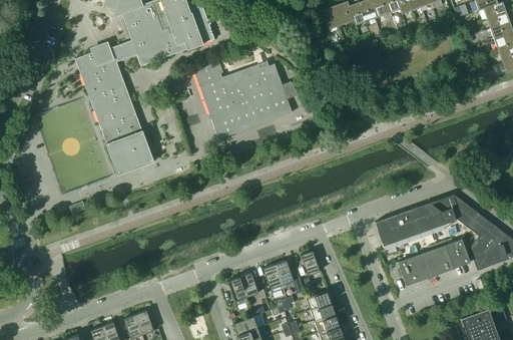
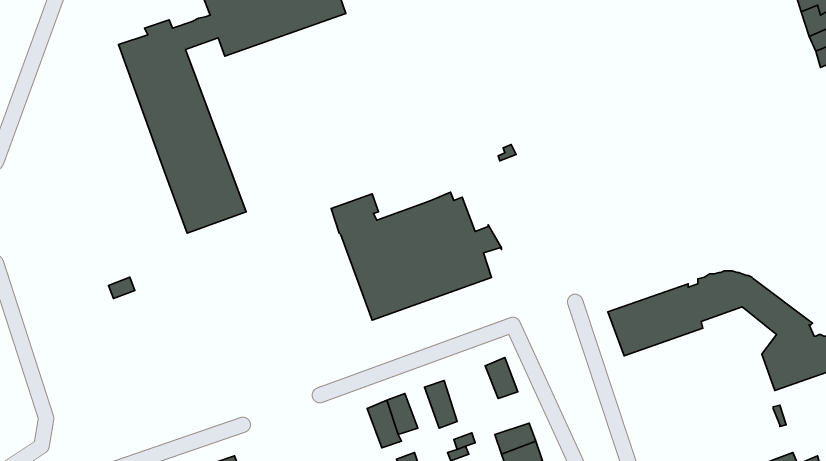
building: [193,60,298,138] -> [331,192,501,320]
building: [398,239,470,285] -> none
building: [275,260,304,293] -> none

